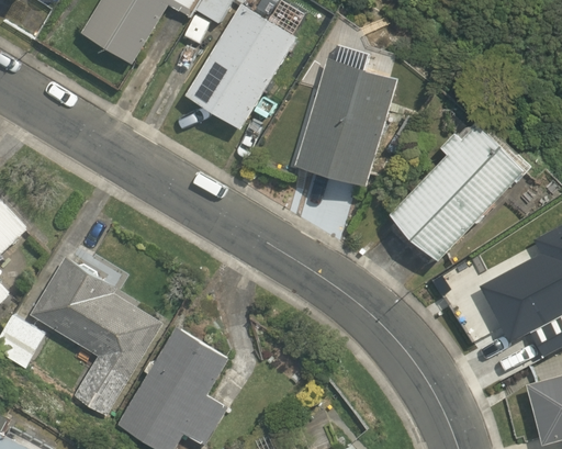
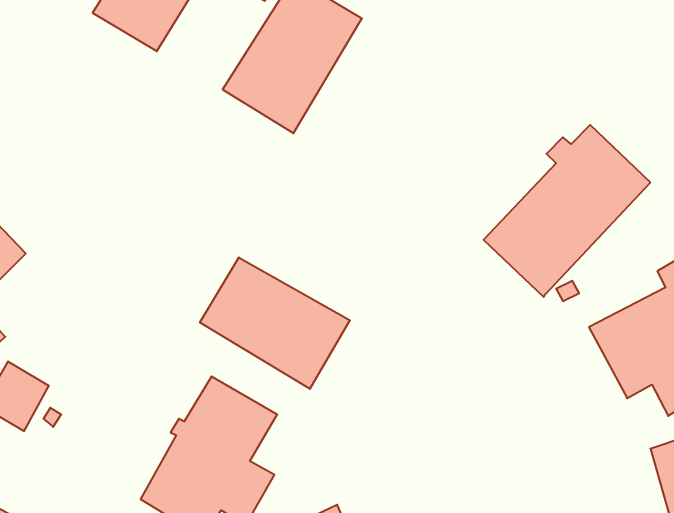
building: [294,46,394,186] -> none
building: none -> [200,257,350,389]
building: [29,257,161,417] -> none

